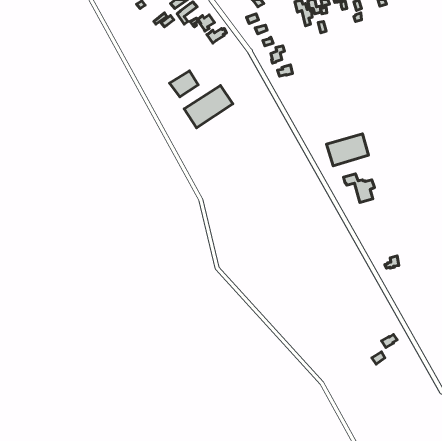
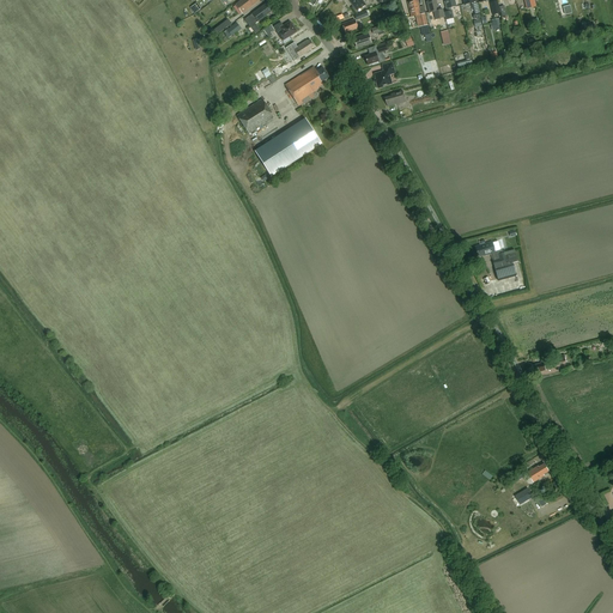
building: none -> [285,66,328,105]
building: [327,134,368,166] -> none

